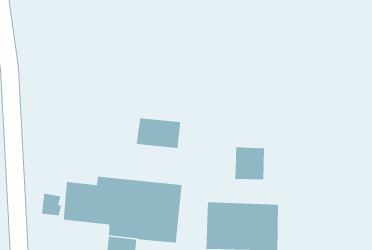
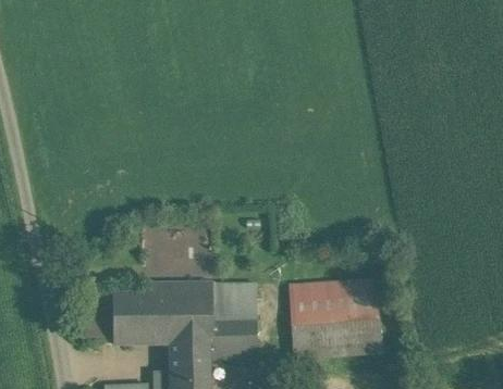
building: [136,117,181,149] -> none
building: [235,146,265,180] -> none

